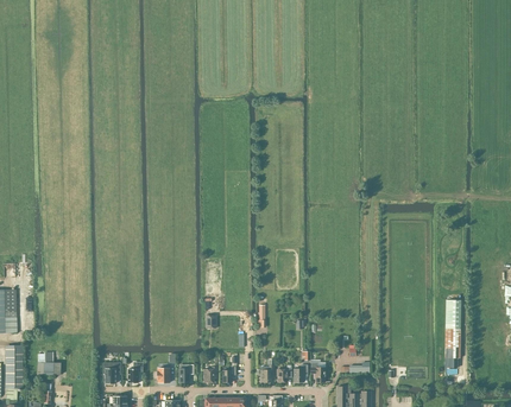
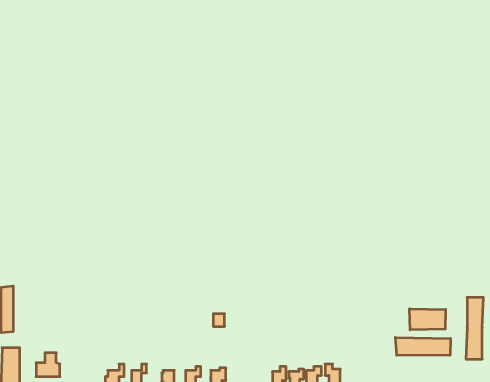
building: none -> [410,309,446,330]
building: none -> [395,337,450,355]

